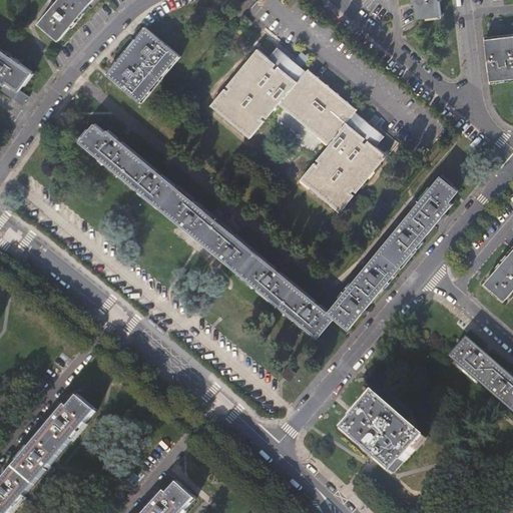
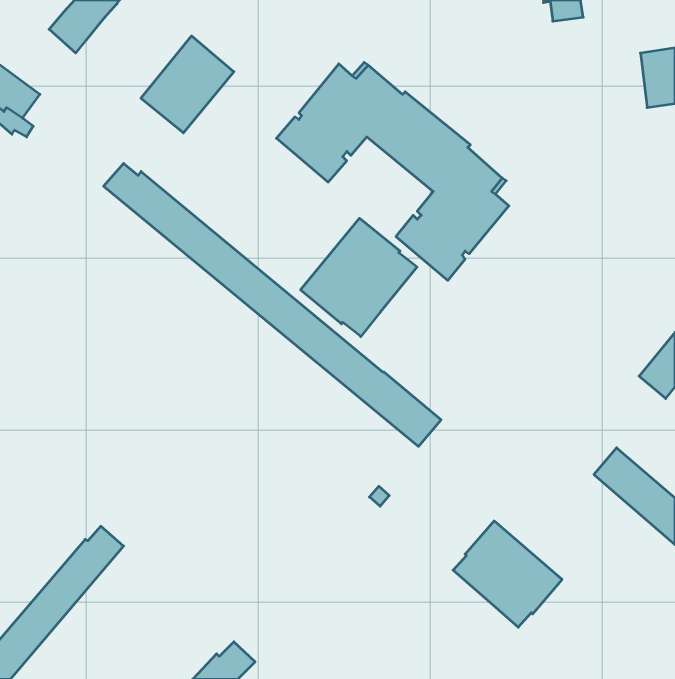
building: none -> [301,218,417,337]
building: [327,175,457,328] -> none

